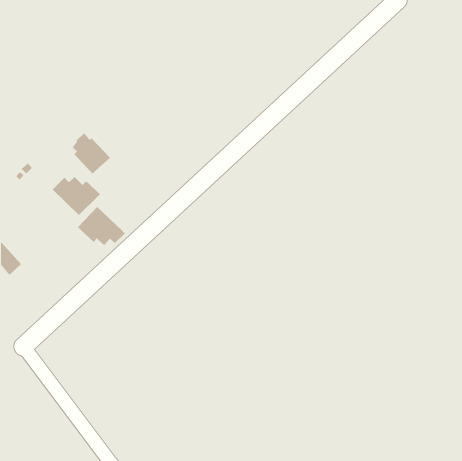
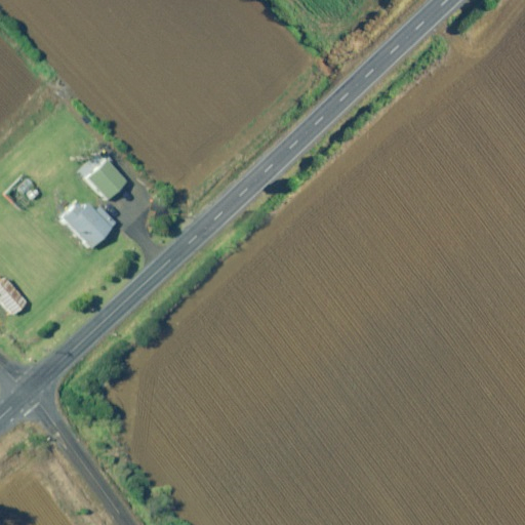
building: [77,206,126,246] -> none

